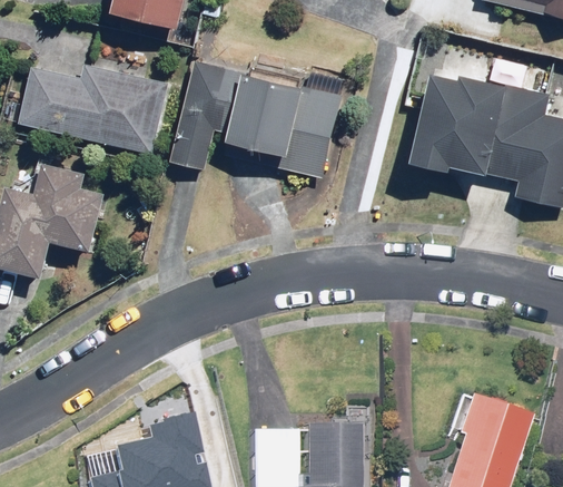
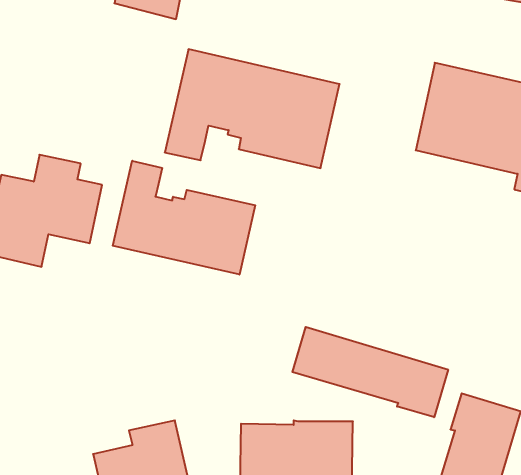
building: [17,61,172,155] -> none
building: none -> [113,161,255,275]
building: none -> [292,327,448,417]

